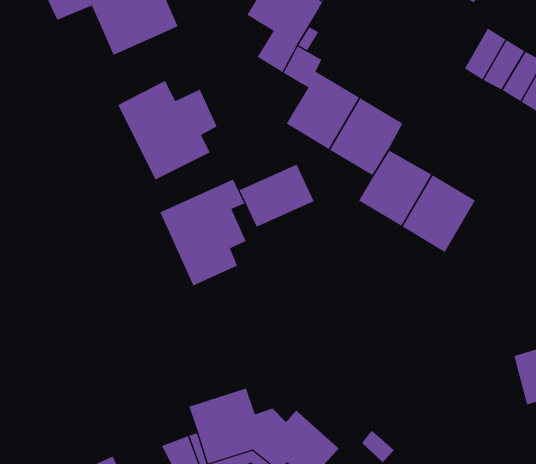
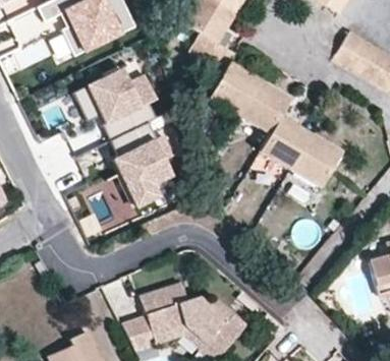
building: [239,164,315,228] -> none

